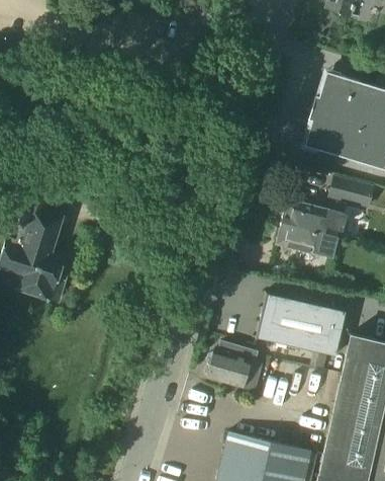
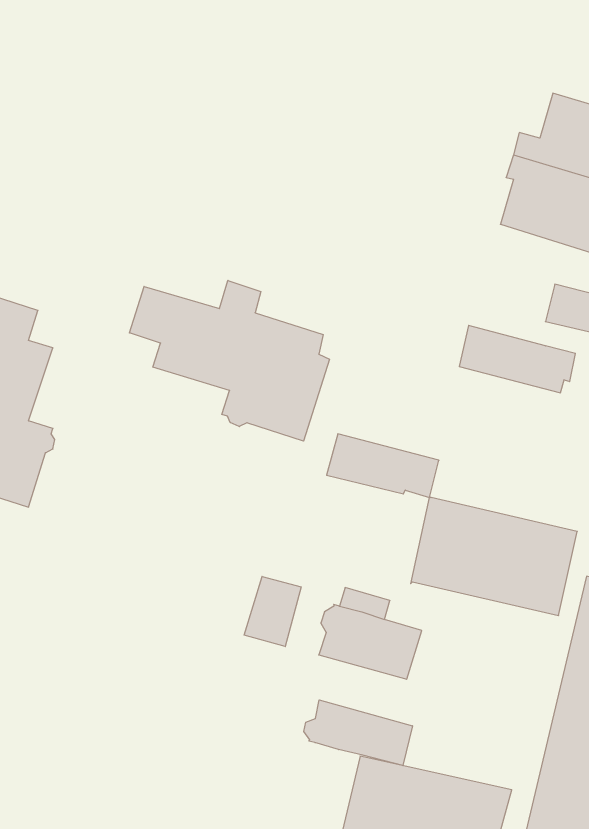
building: none -> [129,280,329,441]
building: [277,222,338,256] -> [327,434,439,498]
building: none -> [244,576,301,647]
building: none -> [304,700,412,766]

